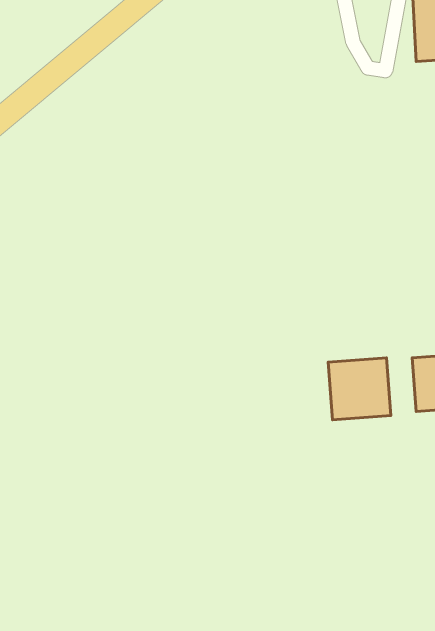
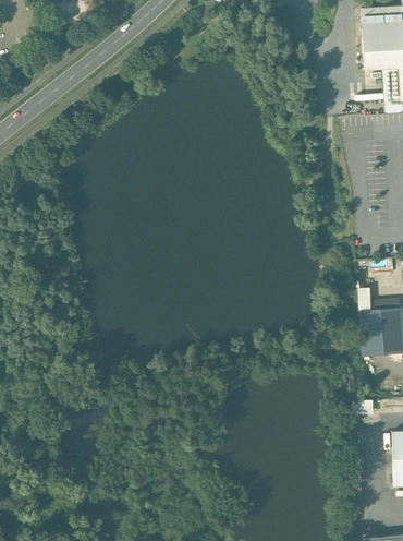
building: [328,358,391,420] -> none

